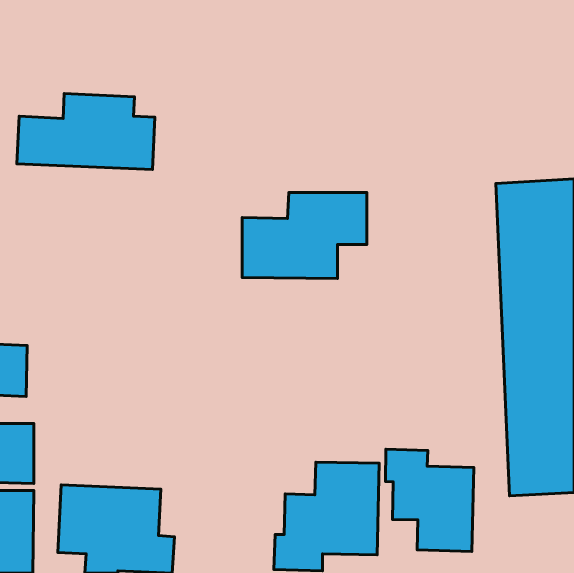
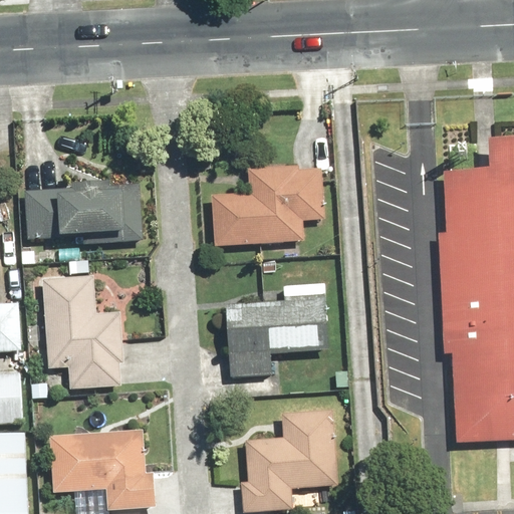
building: [17,94,155,169] -> [23,174,146,241]
building: none -> [43,272,123,387]
building: none -> [228,292,330,373]
building: [385,449,474,552] -> none

